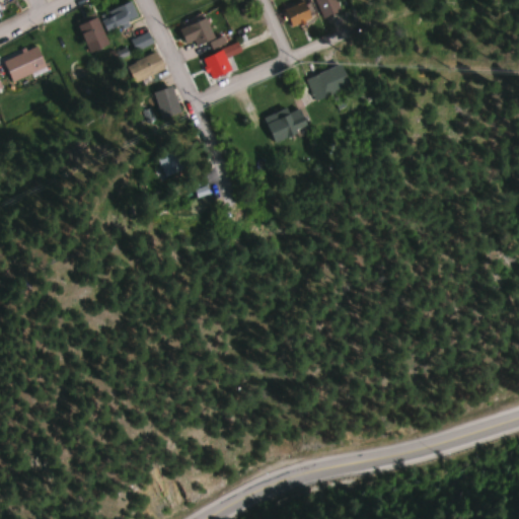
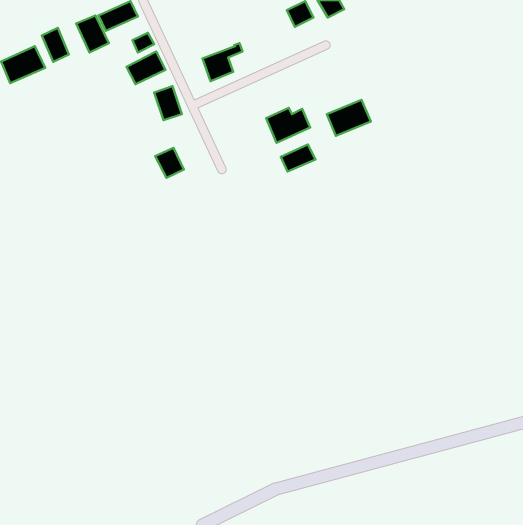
building: [180,19,213,47] -> none
building: none -> [42,28,69,62]
building: [307,64,351,99] -> [327,100,371,136]
building: none -> [281,145,315,171]

